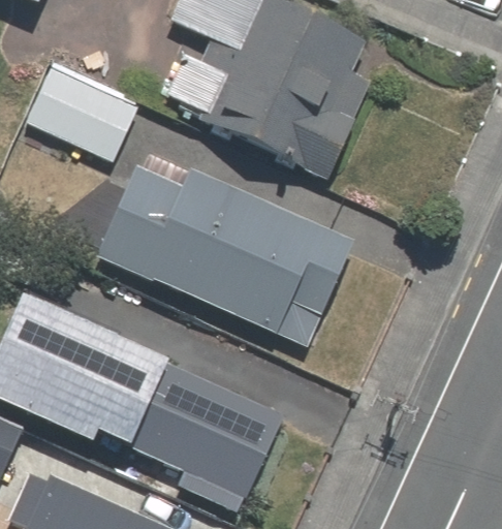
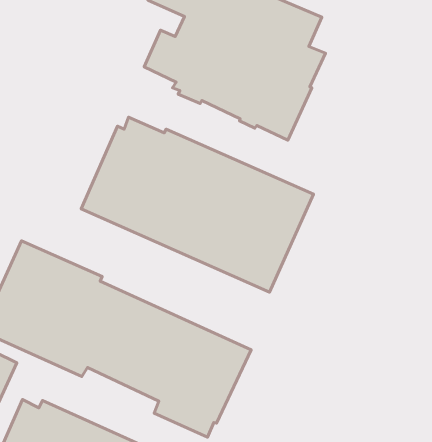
building: [25,65,138,161] -> none

